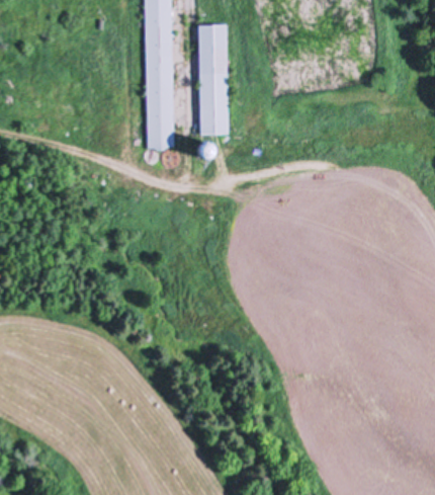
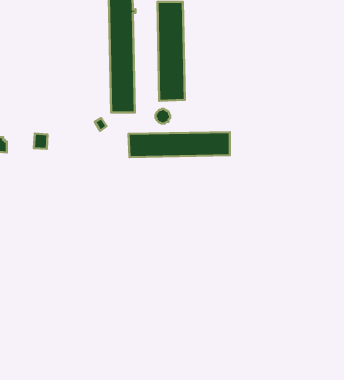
building: none -> [128,132,230,157]

